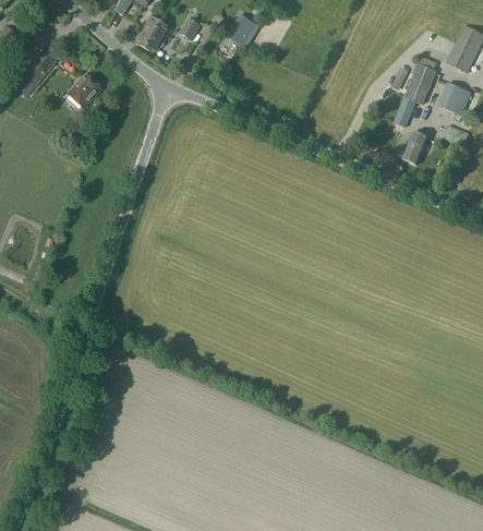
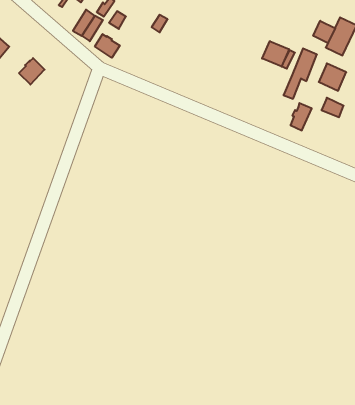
building: none -> [313,21,335,43]
building: none -> [95,34,120,58]
building: none -> [262,41,289,67]

